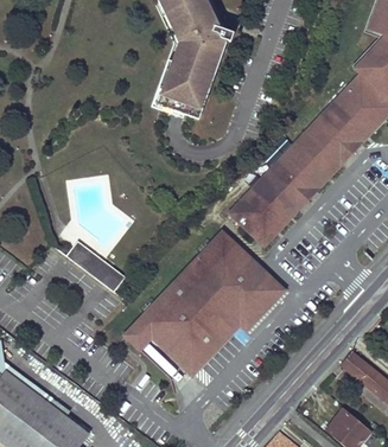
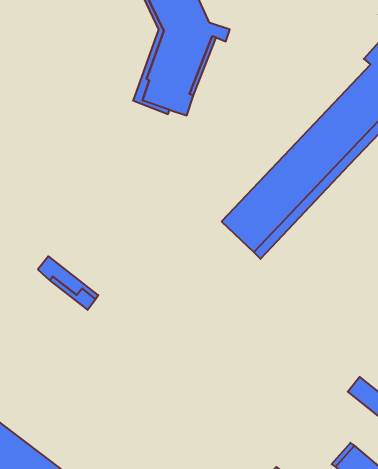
building: [123,231,284,375] -> none

